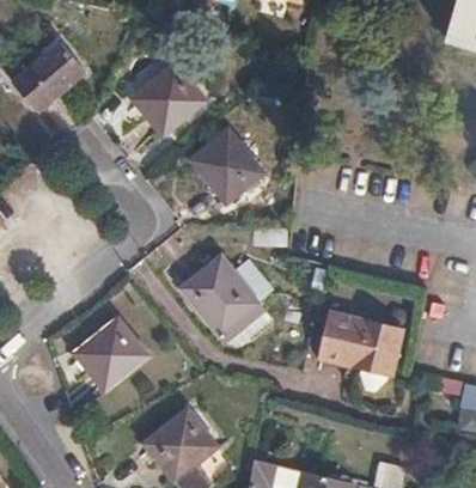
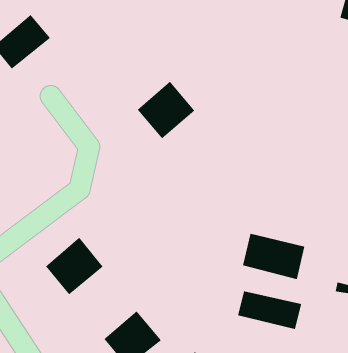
building: [134,63,206,138] -> none
building: [181,257,257,335] -> none
building: none -> [238,290,302,330]

